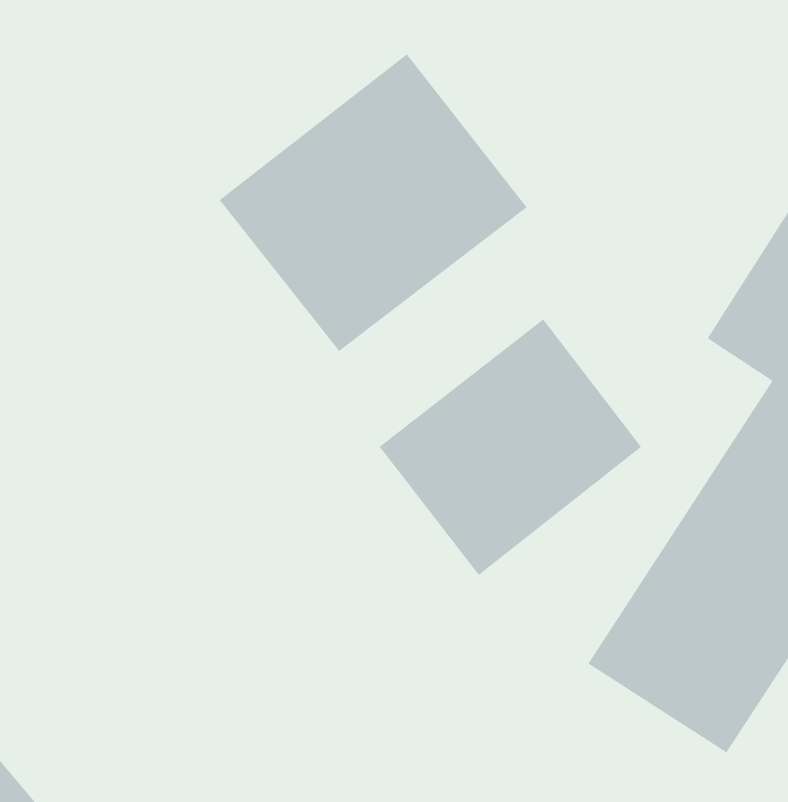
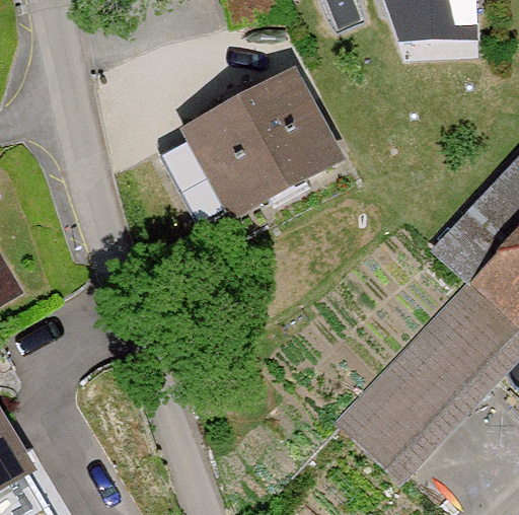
building: [379,319,642,576] -> none

